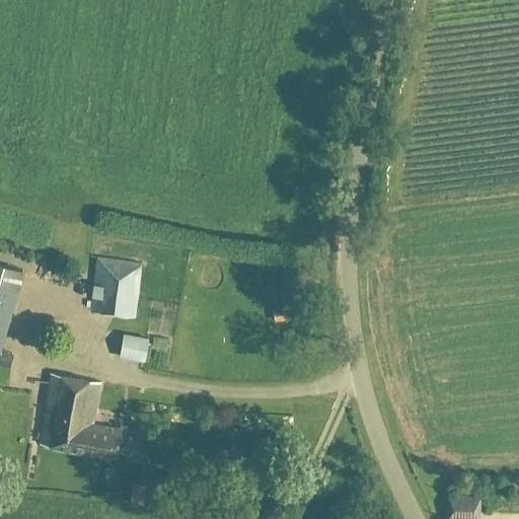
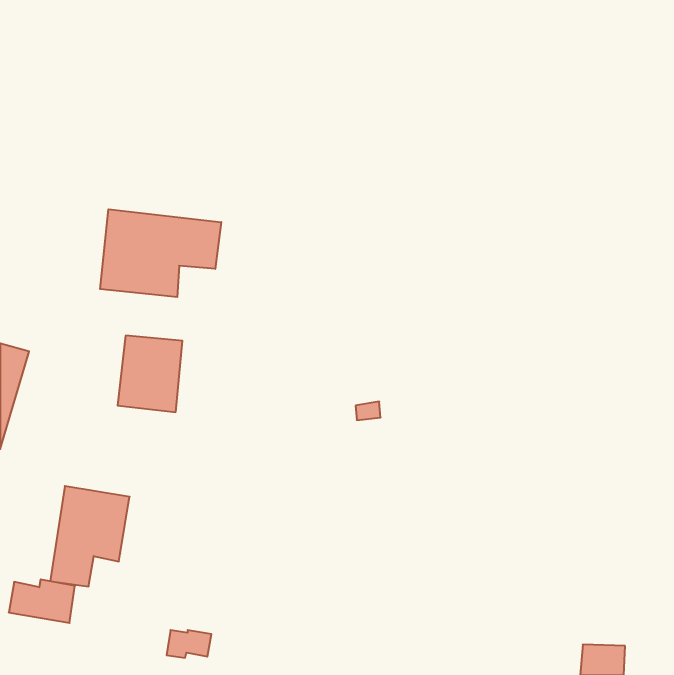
building: none -> [100,209,221,297]
building: [121,333,149,363] -> none
building: [69,425,120,458] -> [9,579,75,623]

